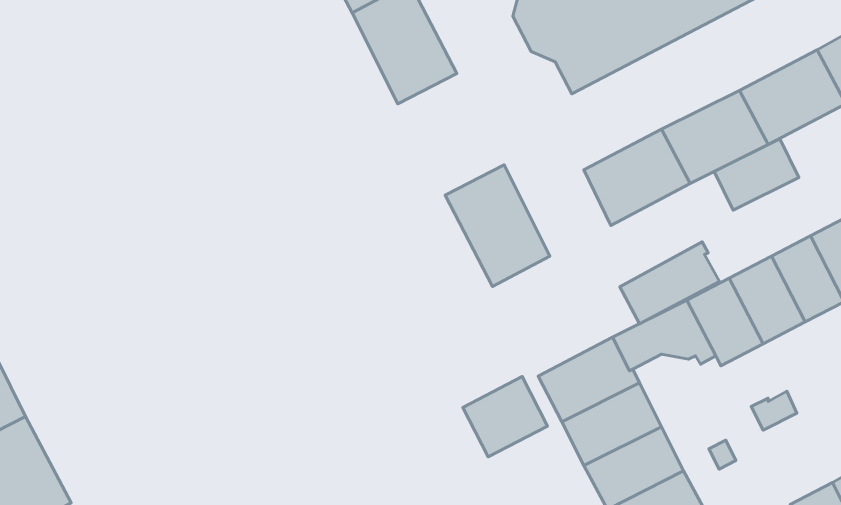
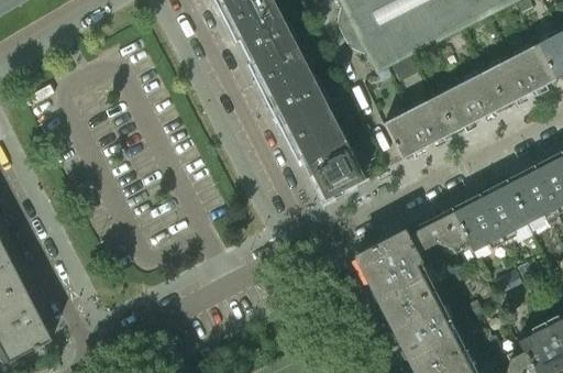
building: none -> [264,59,333,139]
building: [714,139,799,210] -> none
building: [620,242,720,324] -> none
building: [463,377,548,457] -> none

